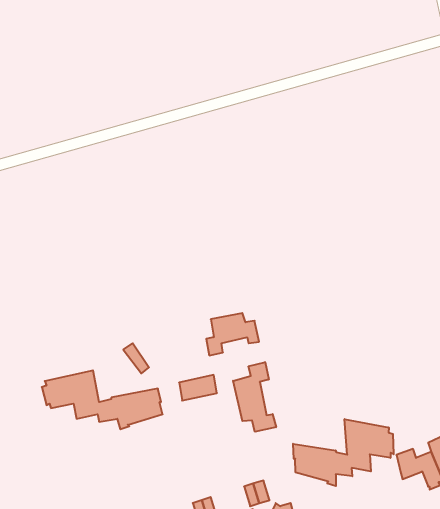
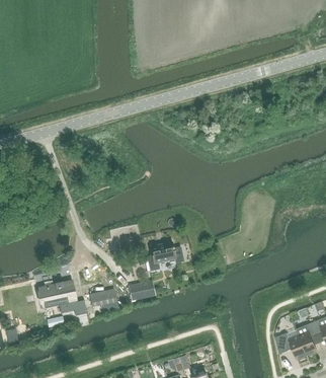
building: [233,362,276,432] -> none
building: [293,419,394,486] -> none

